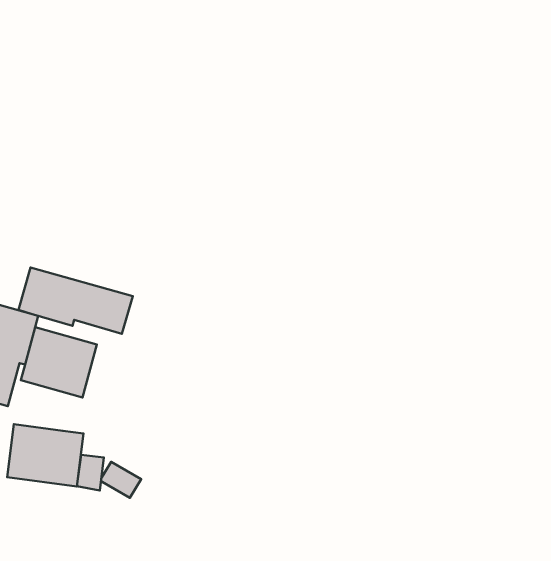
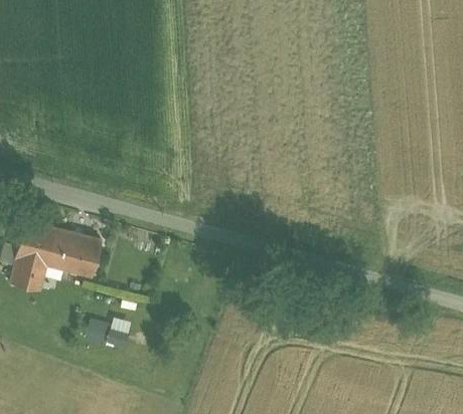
building: [19,268,133,334] -> none
building: [7,424,84,487] -> none

